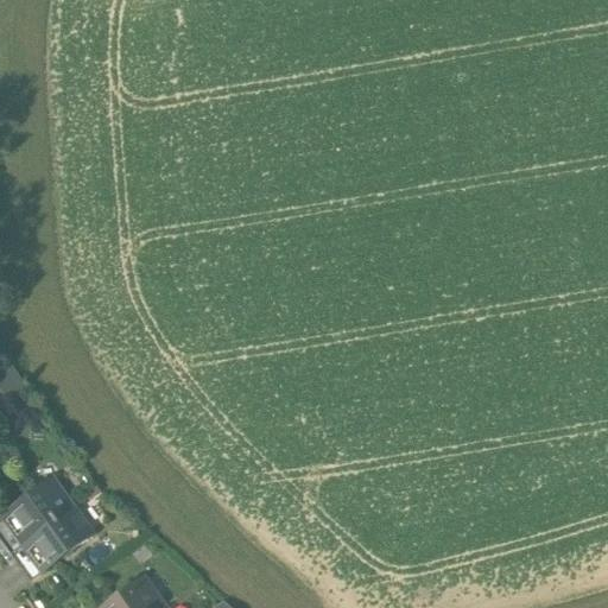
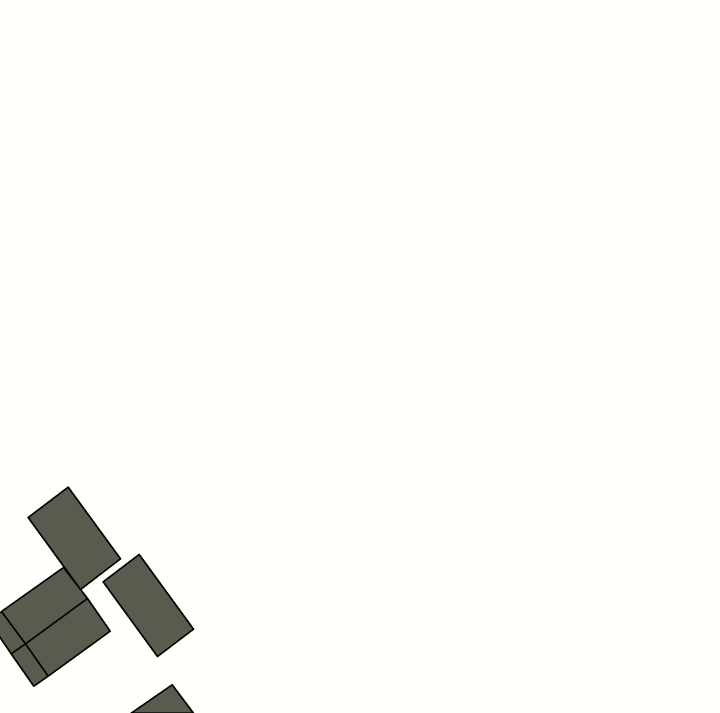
building: none -> [28,487,120,589]
building: none -> [103,554,193,656]

